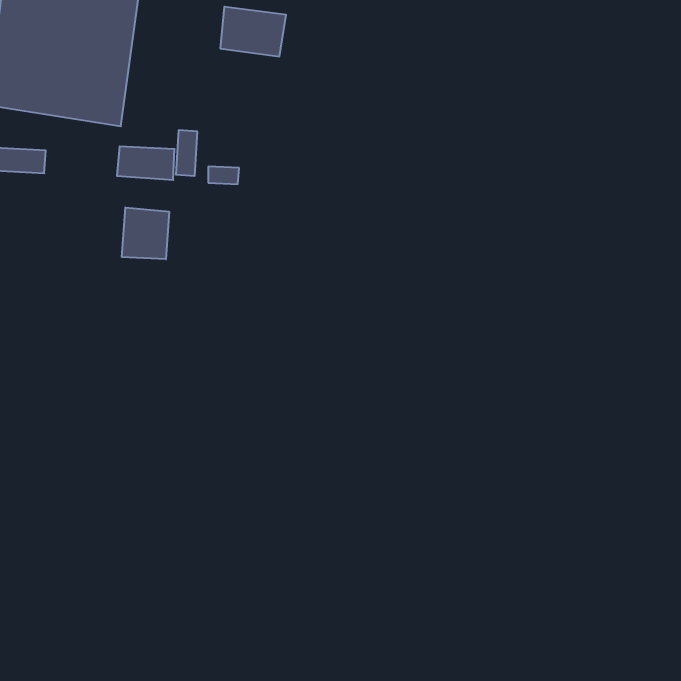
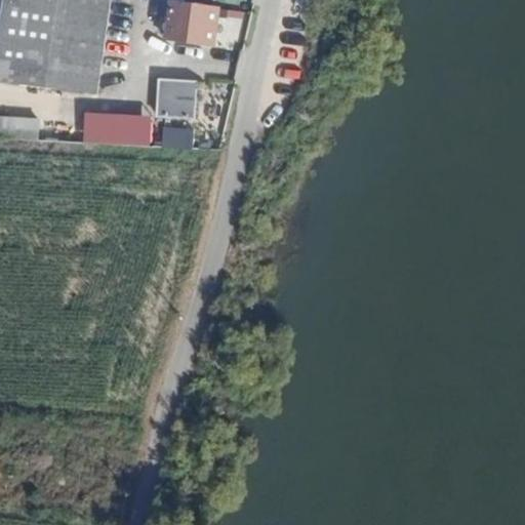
building: none -> [159,85,197,123]
building: [122,207,169,259] -> none

